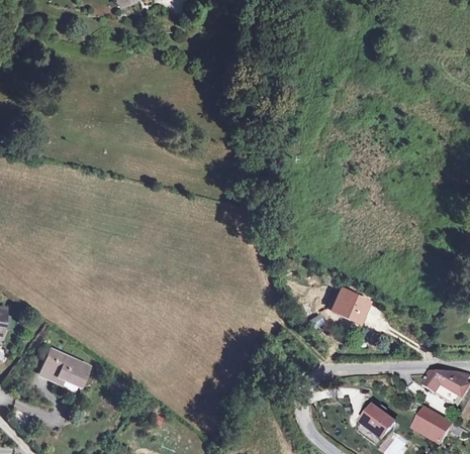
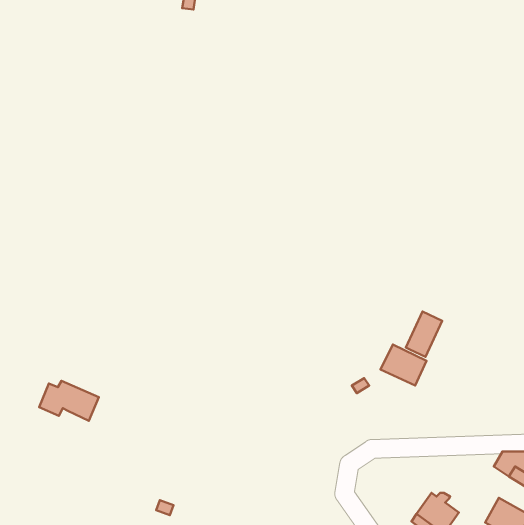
building: none -> [406,312,442,357]
building: [39,351,88,383] -> [39,381,99,421]

